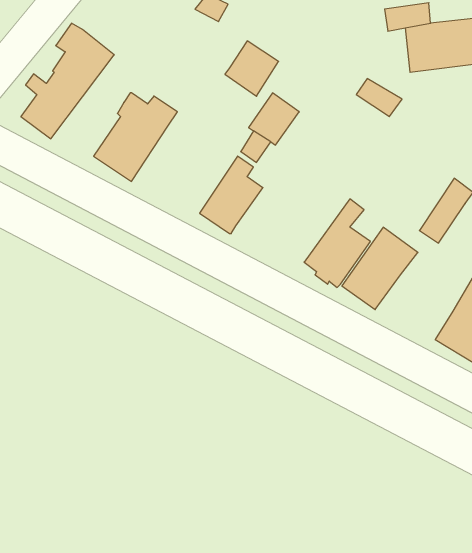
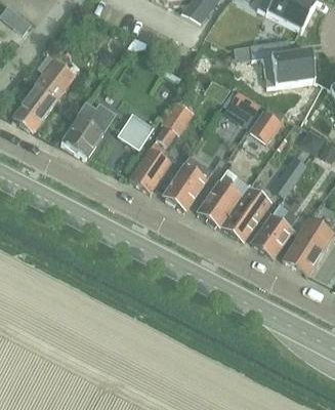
building: [225,41,279,96] -> [119,112,154,148]
building: none -> [249,107,284,142]
building: none -> [163,160,212,208]
building: none -> [252,203,297,255]

